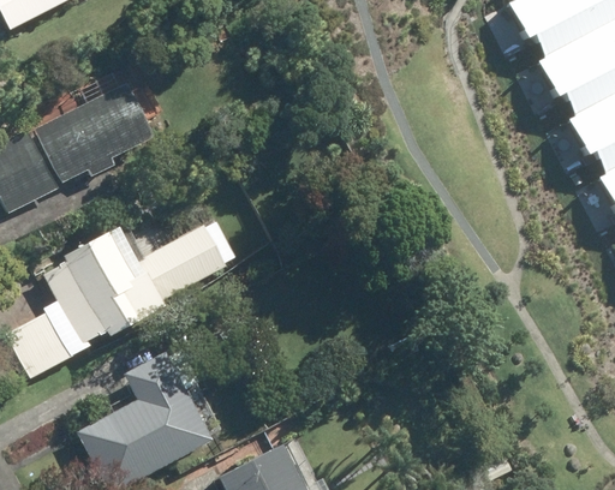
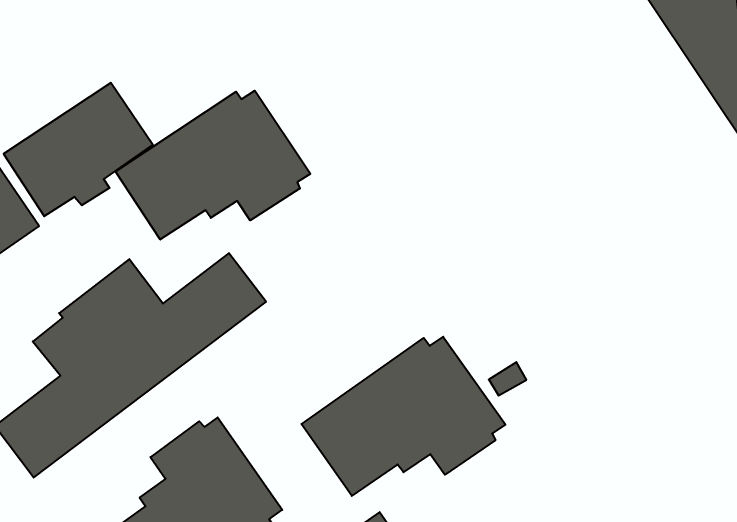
building: none -> [115,91,310,240]
building: none -> [301,337,505,496]

